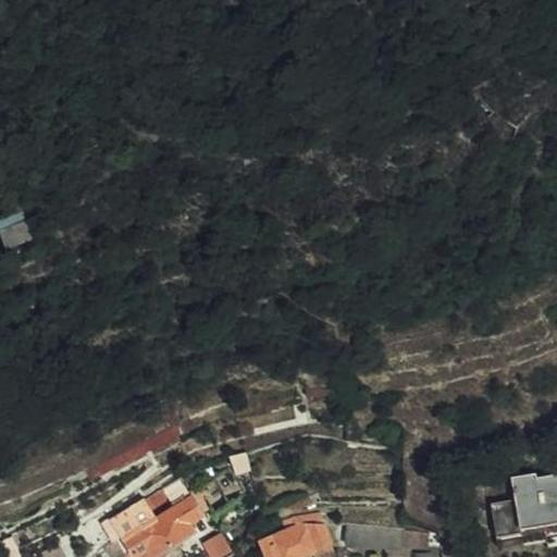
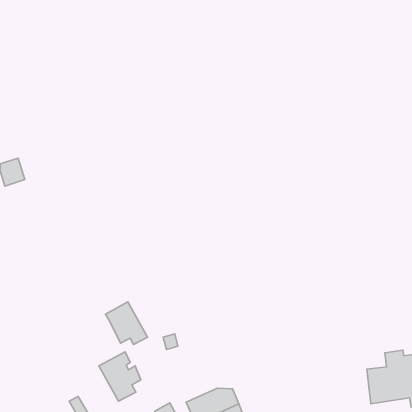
building: [113,495,169,552] -> [106,302,148,345]

